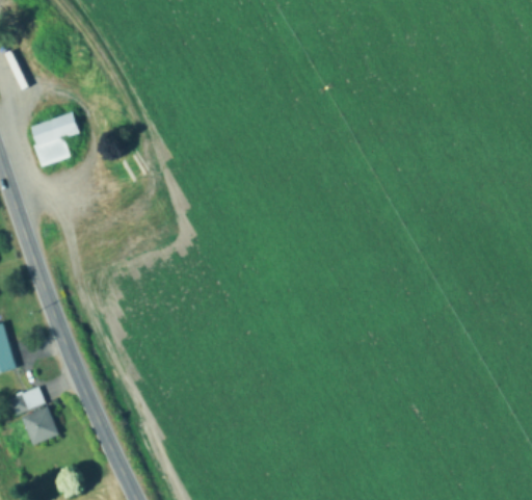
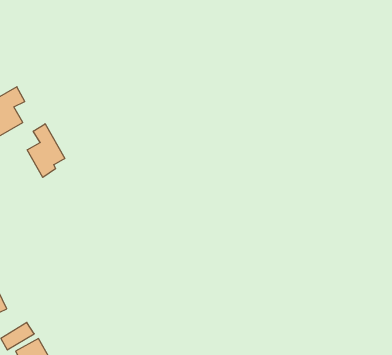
building: none -> [27,124,65,177]

